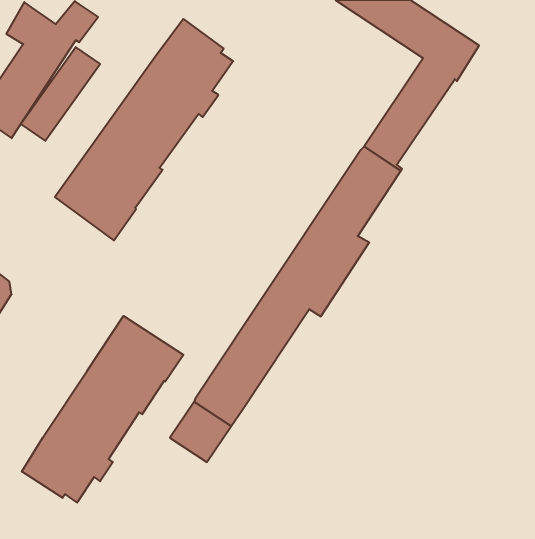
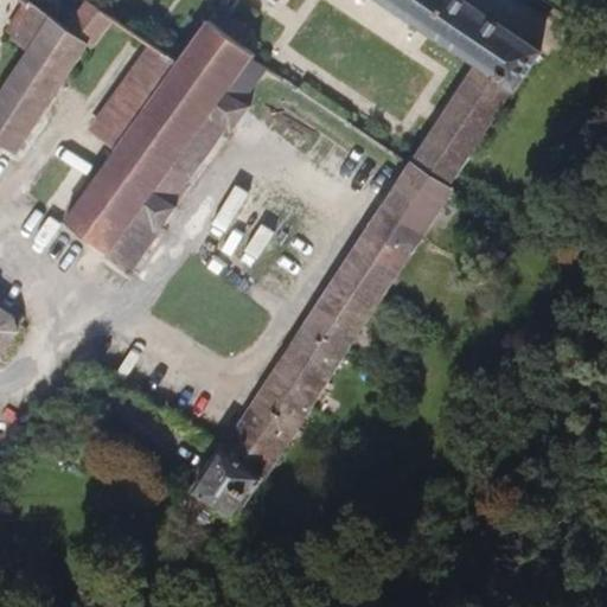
building: [21,47,100,141] -> [85,45,174,151]
building: [22,316,183,503] -> none

